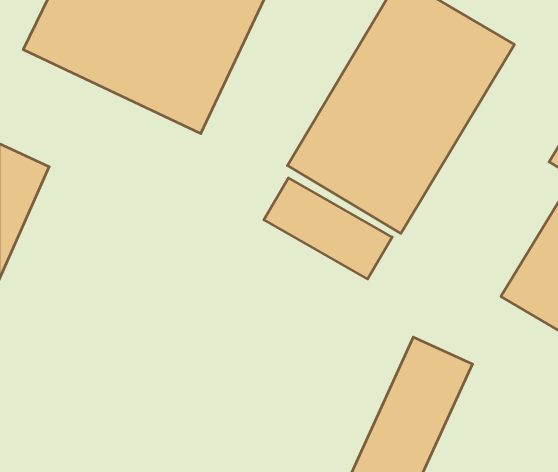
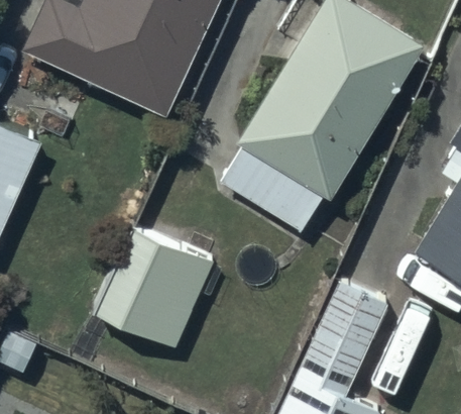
building: none -> [90,227,217,353]

